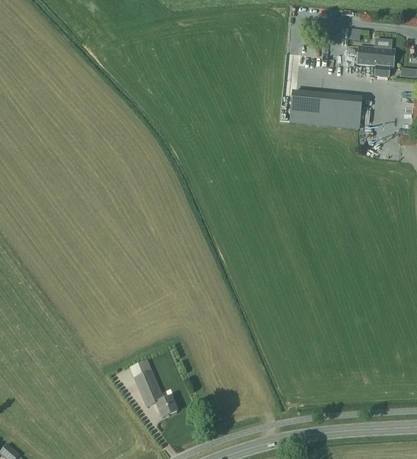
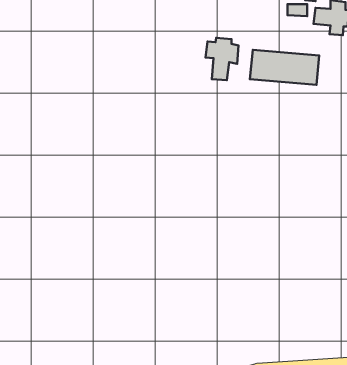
building: none -> [206,38,238,80]
building: [129,359,178,418] -> none

